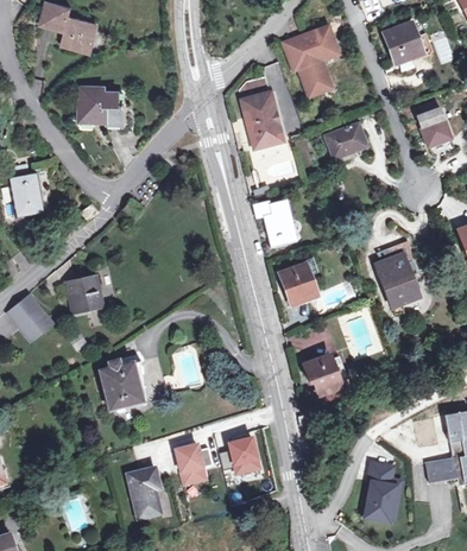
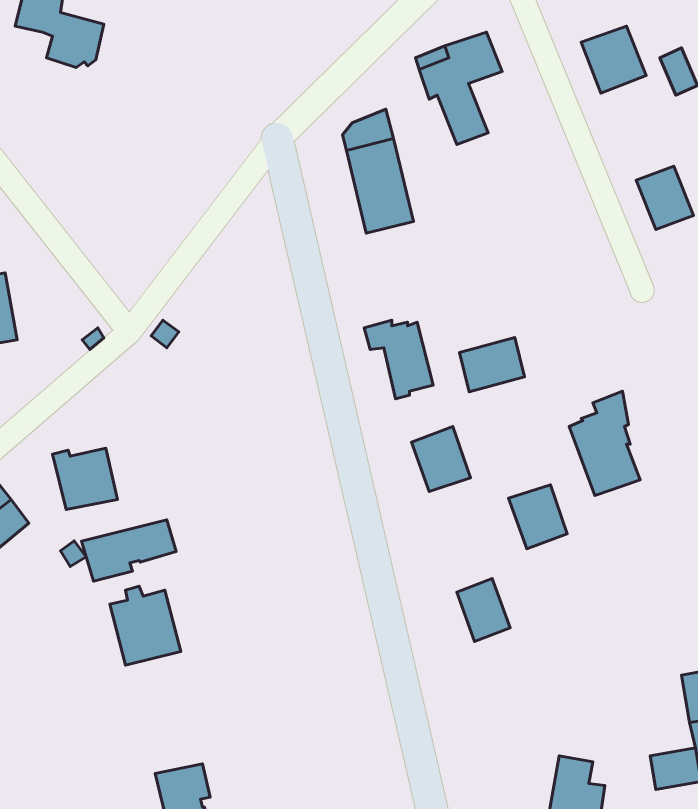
building: [80,87,124,124] -> none
building: [327,124,367,159] -> none
building: none -> [460,338,525,392]
building: none -> [509,485,567,549]
building: none -> [82,520,176,581]
building: [228,435,258,473] -> none
building: [173,442,210,484] -> none

